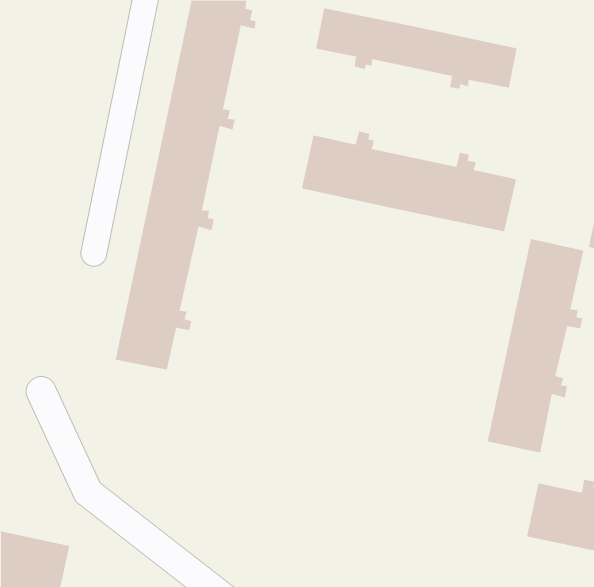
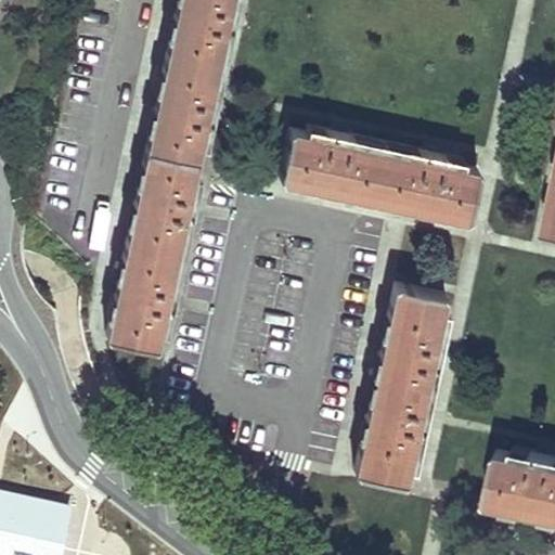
building: [315,8,517,89] -> none
building: [487,239,584,453] -> [359,291,449,489]

